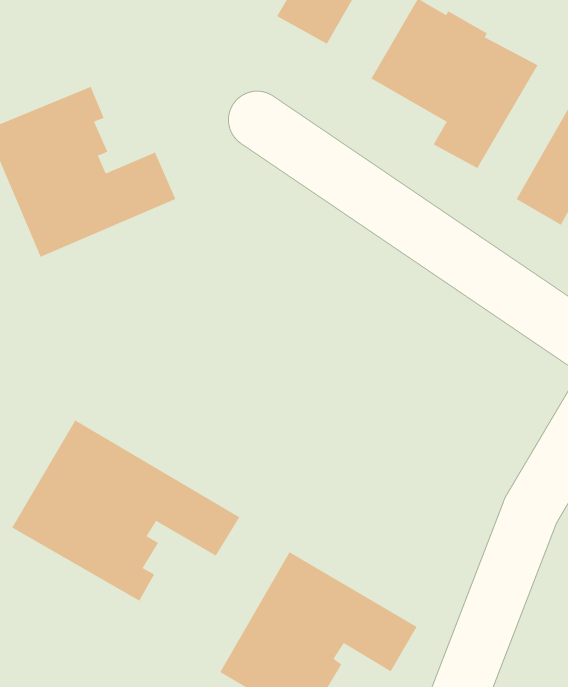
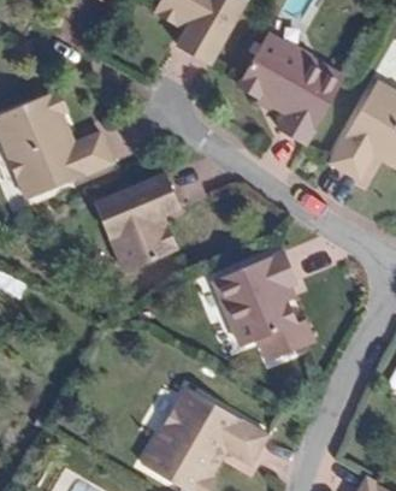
building: none -> [96,174,179,272]
building: none -> [214,250,306,360]
building: [11,419,240,602] -> none

